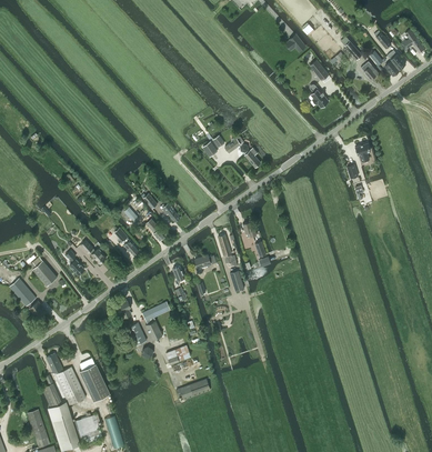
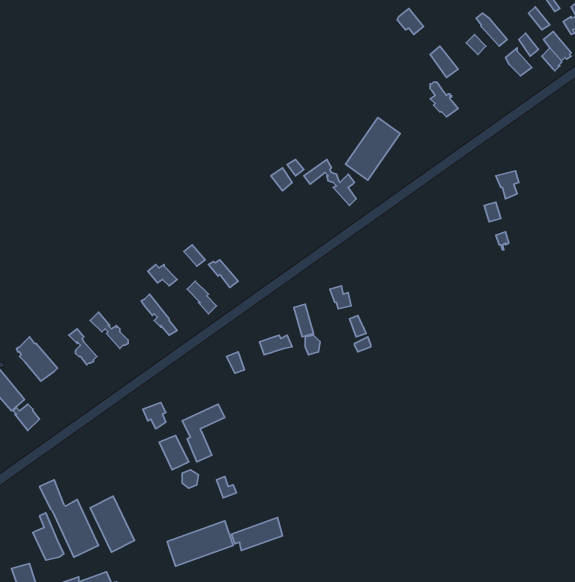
building: none -> [346,117,400,180]
building: none -> [167,521,233,566]

